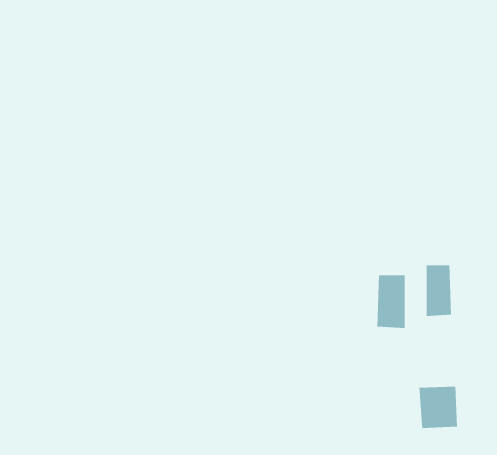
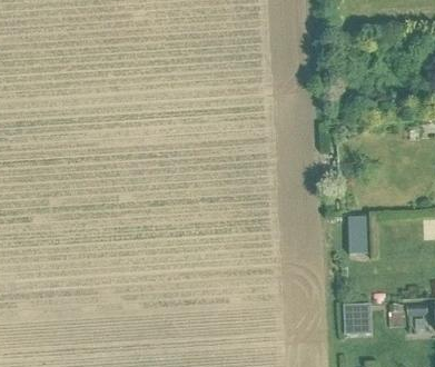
building: [377,275,405,329] -> none

